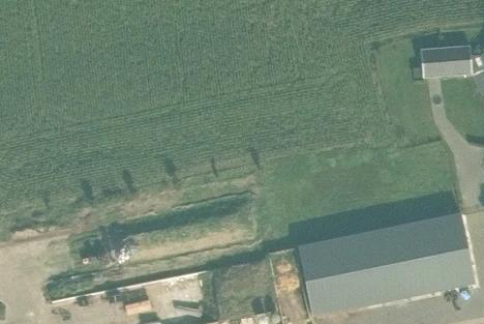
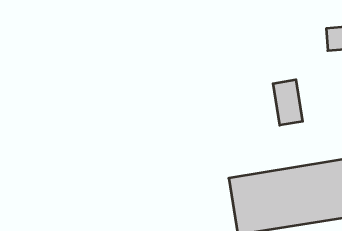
building: none -> [273,80,303,125]

